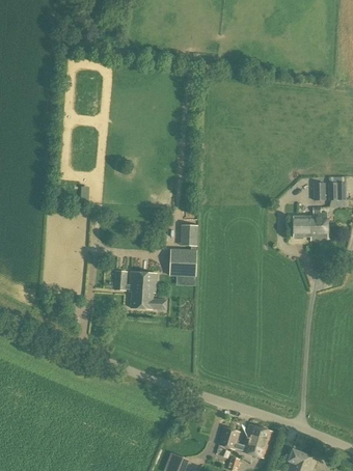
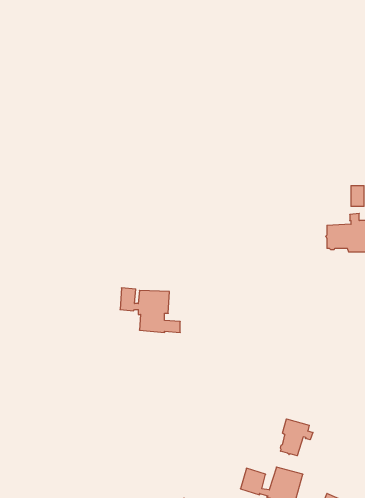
building: [168,224,196,276] -> none
building: none -> [280,419,313,456]

